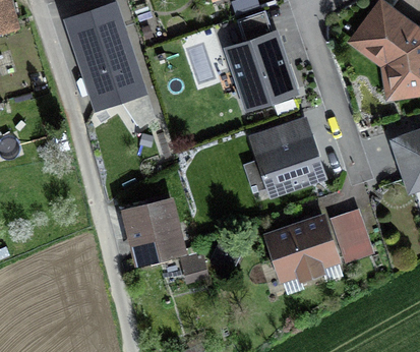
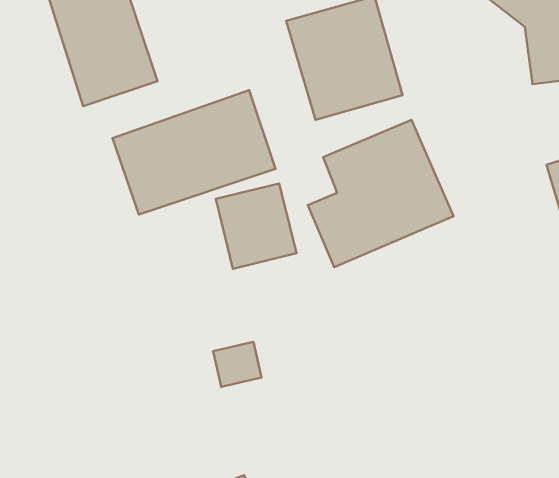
building: none -> [112,90,275,214]
building: [123,200,176,256] -> [216,183,296,269]
building: [264,206,367,287] -> none

